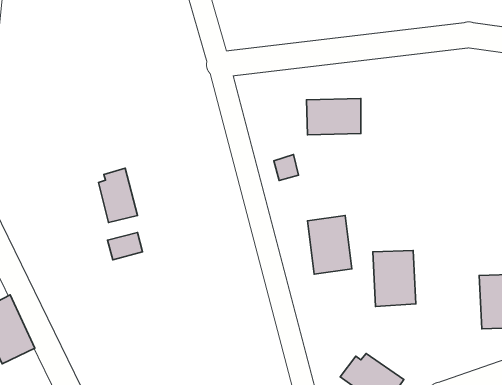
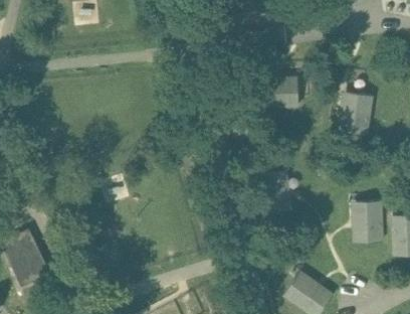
building: none -> [336,92,373,137]
building: [99,168,138,223] -> none
building: [373,250,416,306] -> [351,200,384,244]

